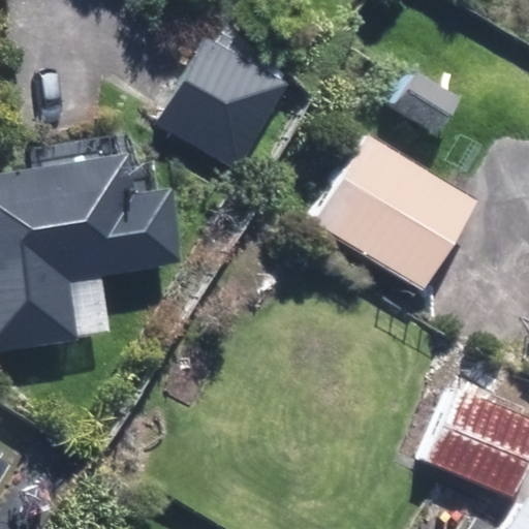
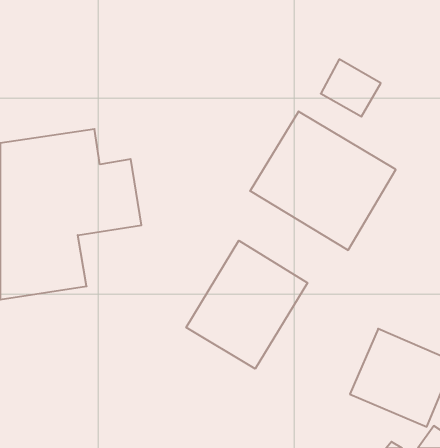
building: [155,39,287,169] -> none
building: none -> [186,241,307,369]

